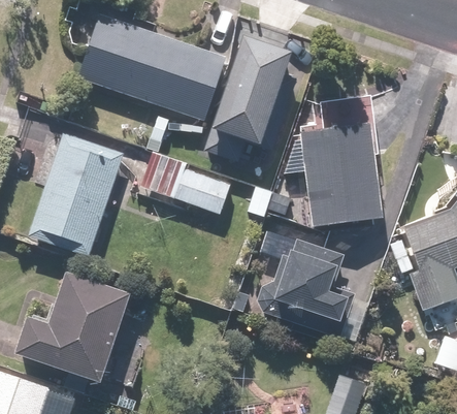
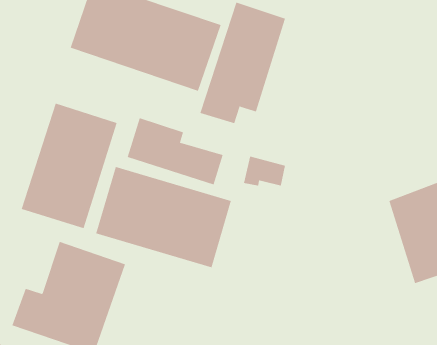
building: [302,94,384,229] -> none
building: none -> [96,166,232,268]
building: [253,237,367,340] -> none

